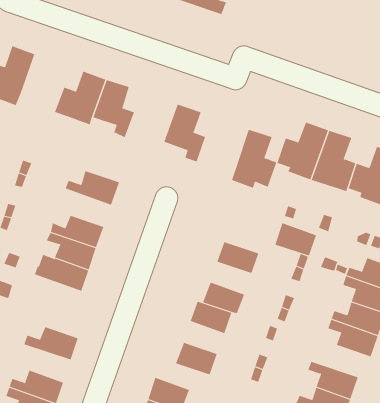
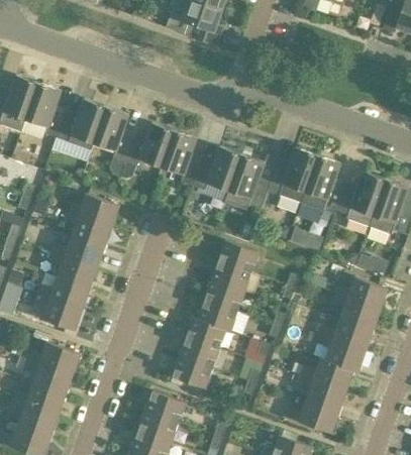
building: none -> [25,83,66,138]
building: none -> [124,122,174,166]
building: none -> [193,146,241,191]
building: none -> [64,211,111,247]
building: [274,222,317,256] -> [218,240,259,272]
building: none -> [205,280,244,312]
building: none -> [34,293,83,331]
building: none -> [180,337,219,368]
building: none -> [301,358,358,390]
building: none -> [24,359,73,395]

